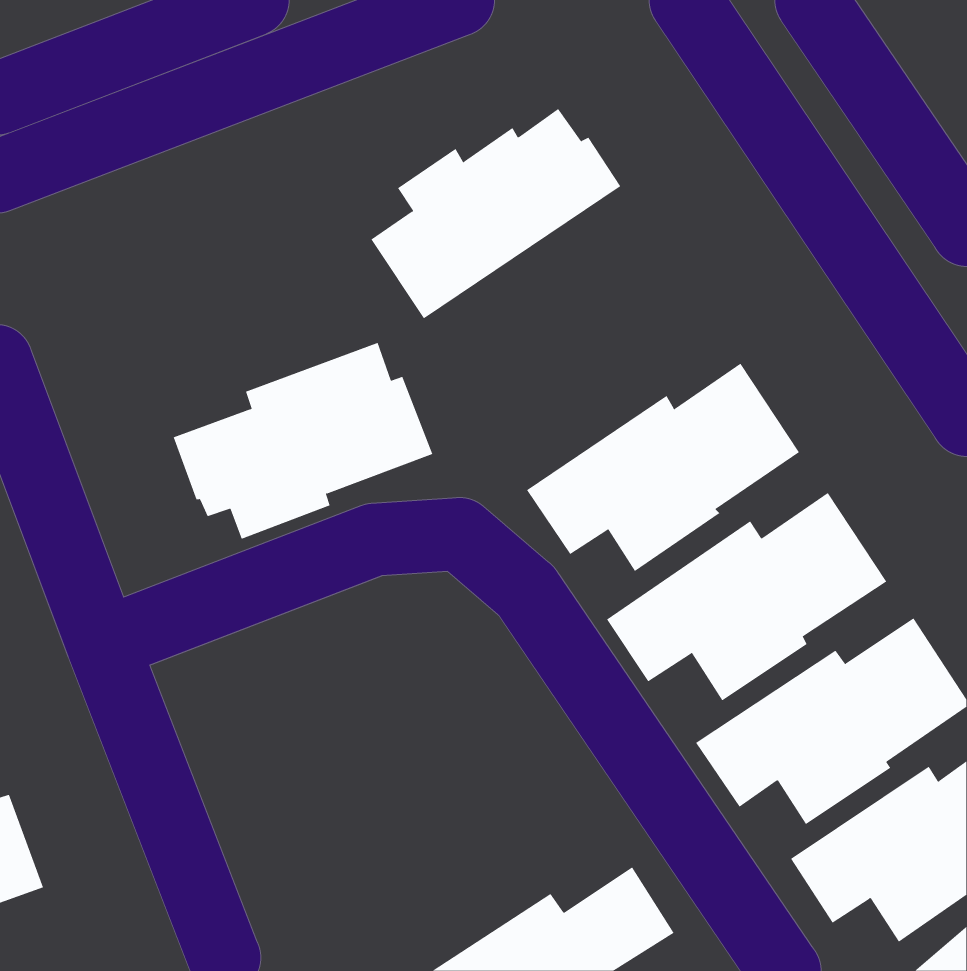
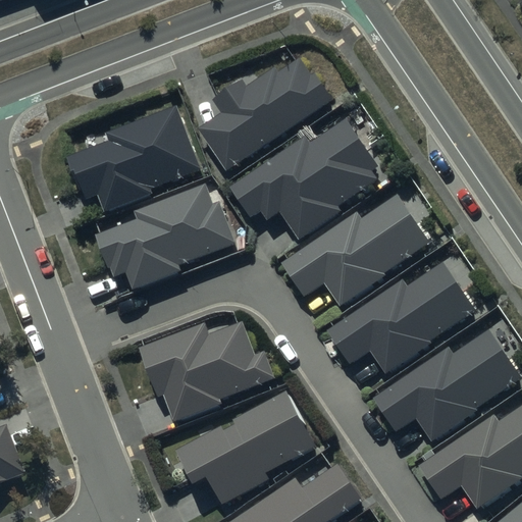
building: none -> [70,107,200,212]
building: none -> [230,120,378,240]
building: none -> [137,322,272,422]
building: none -> [177,392,317,506]

